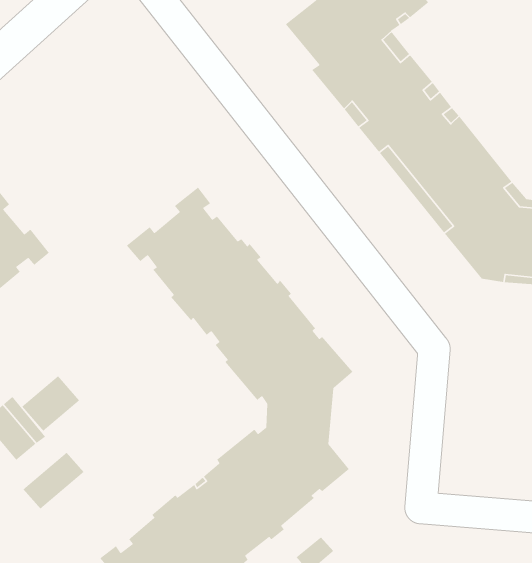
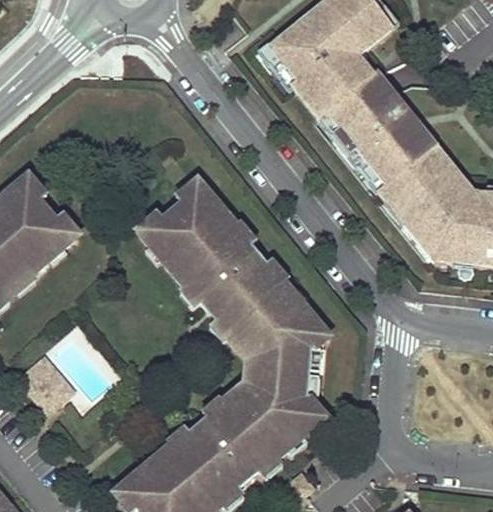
building: [21,375,80,432] -> none
building: [23,452,84,510] -> none

